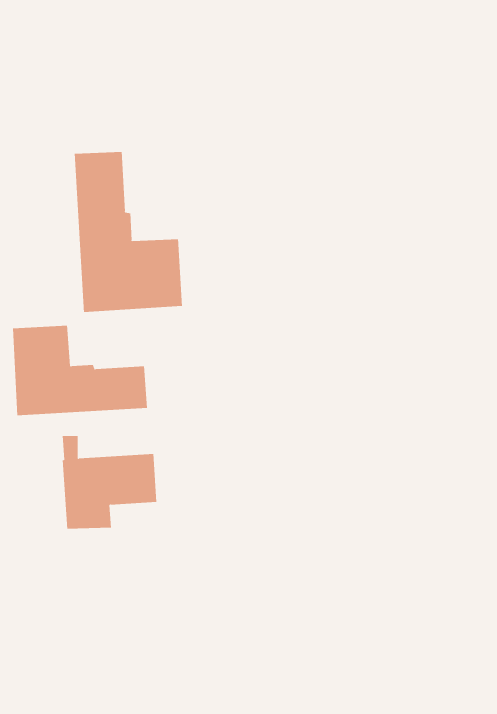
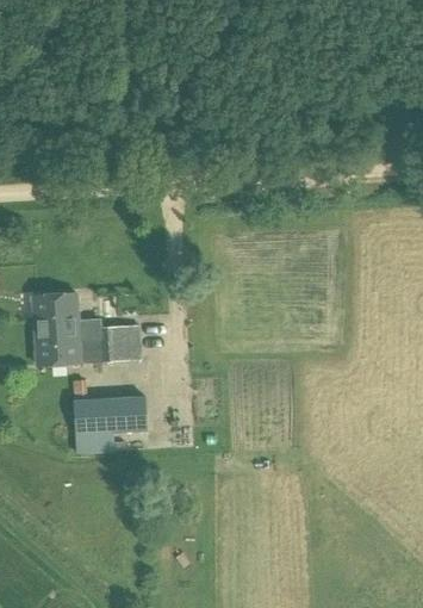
building: [74,151,183,313] -> none

